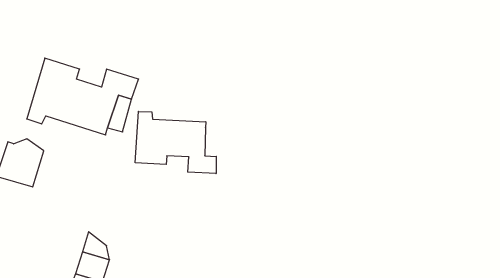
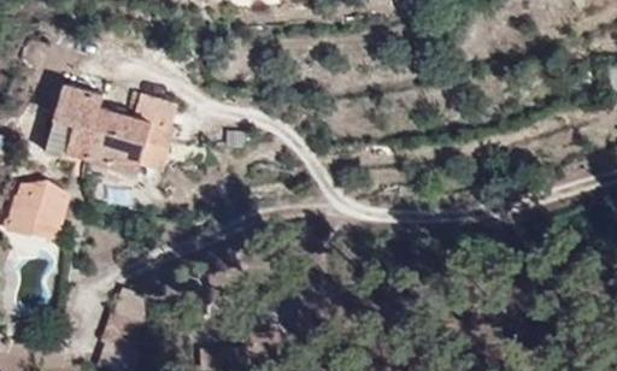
building: [135,111,216,174] -> none

